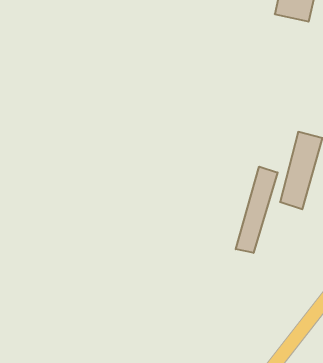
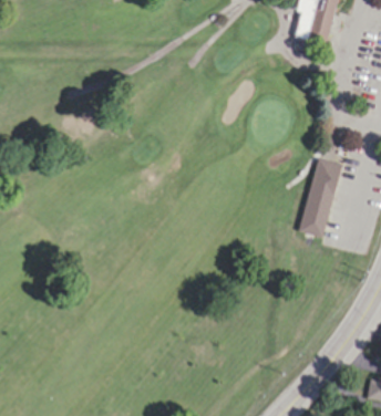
building: [236,167,278,253] -> none

